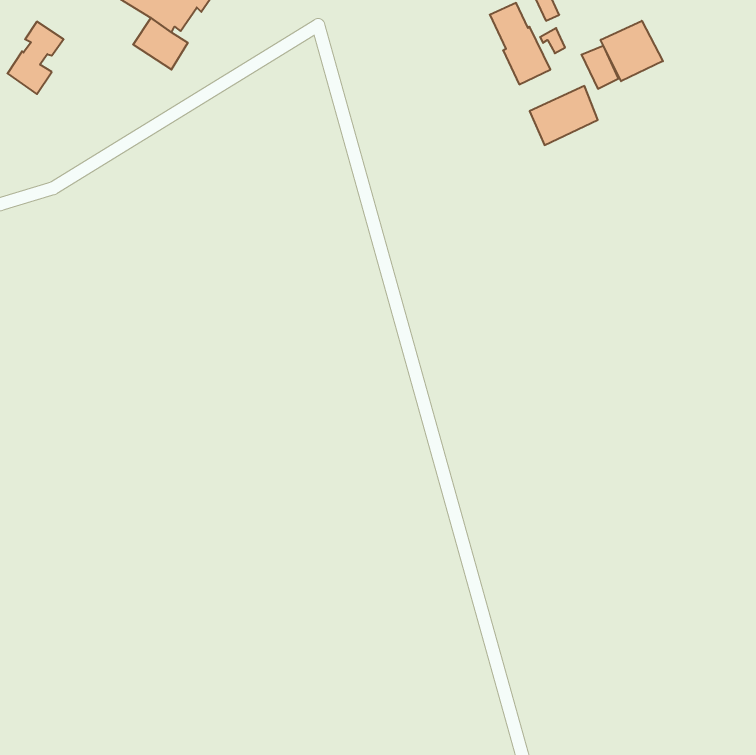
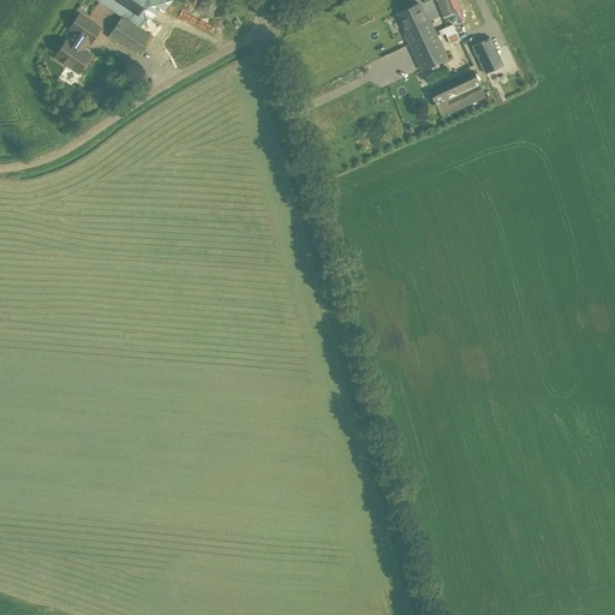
building: [601,21,663,81] -> none
building: [7,22,64,94] -> [55,13,101,72]

